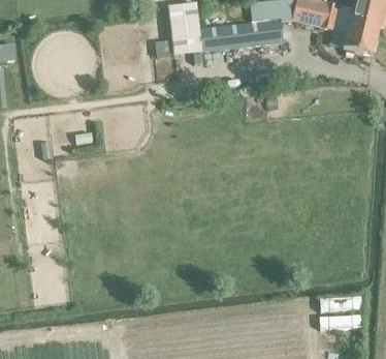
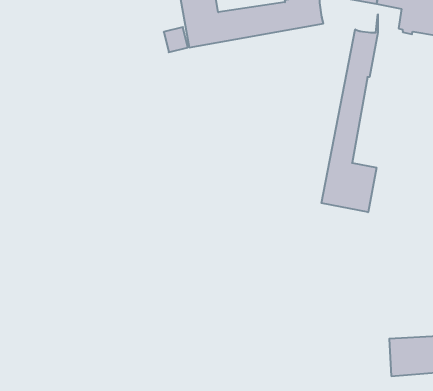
building: none -> [321,14,378,212]

